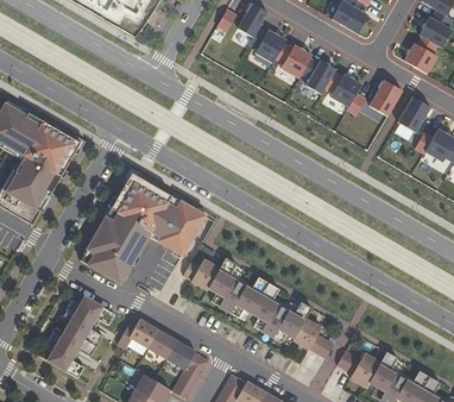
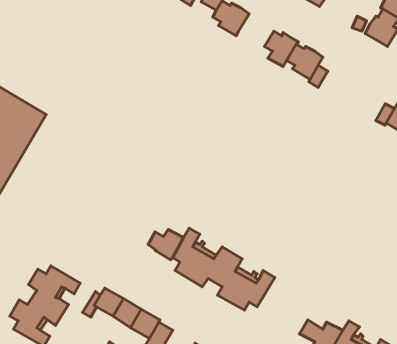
building: [275,43,311,78] -> none
building: [368,80,402,117] -> none
building: [397,96,430,132] -> none
building: [80,172,204,283] -> none
building: [292,318,333,358] -> none

